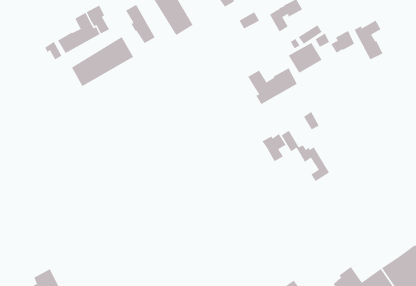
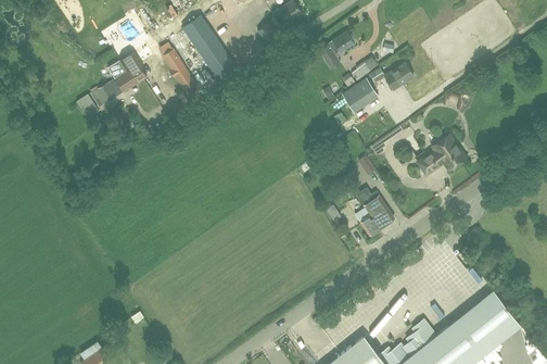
building: [354,20,383,60] -> none
building: [71,36,134,87] -> none
building: [248,68,298,105] -> none
building: none -> [418,135,466,175]
building: [262,133,286,162] -> [355,204,382,236]

